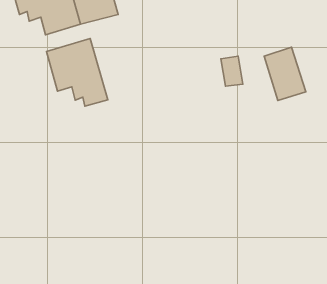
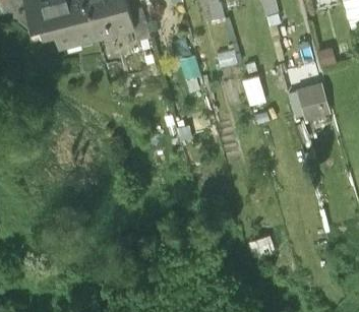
building: [47,39,108,106] -> none

